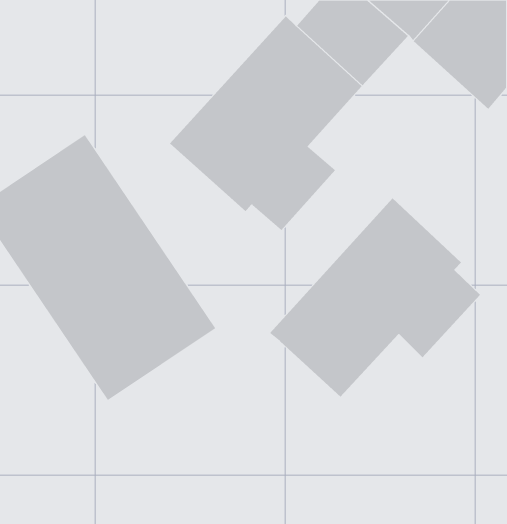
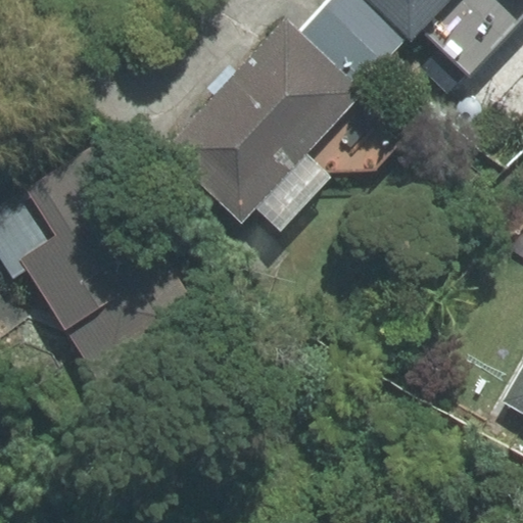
building: [269,198,481,398] -> none

